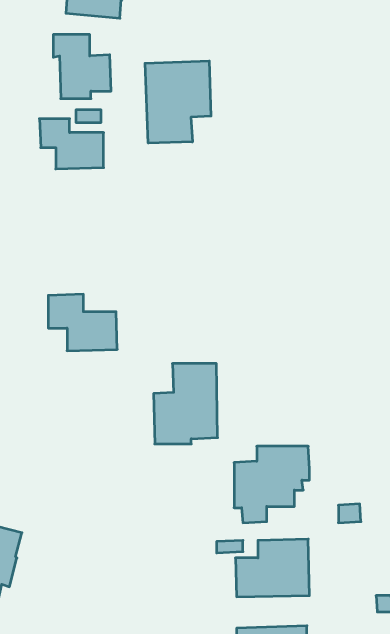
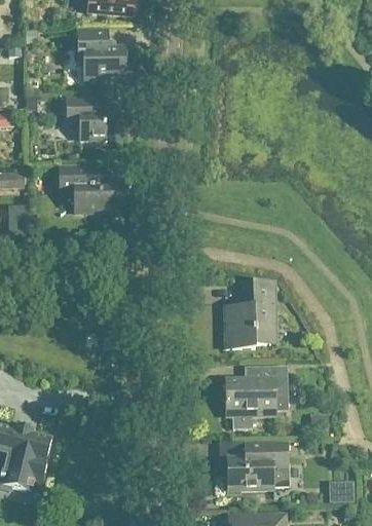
building: [145,61,211,143] -> none
building: [48,294,117,351] -> [59,165,115,212]
building: [154,364,218,444] -> [223,281,275,347]

